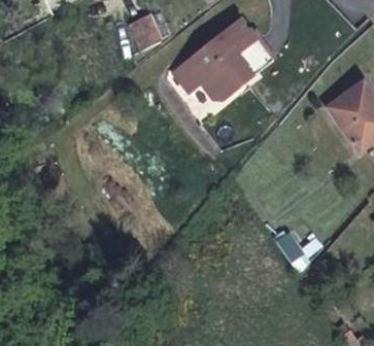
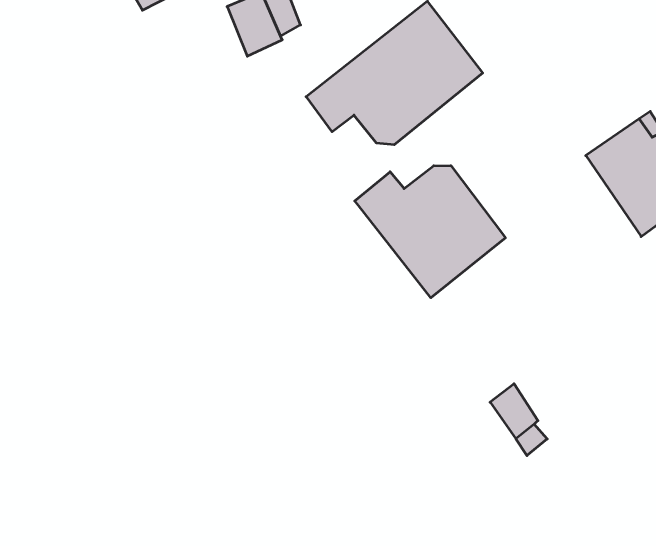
building: none -> [355,166,505,298]

